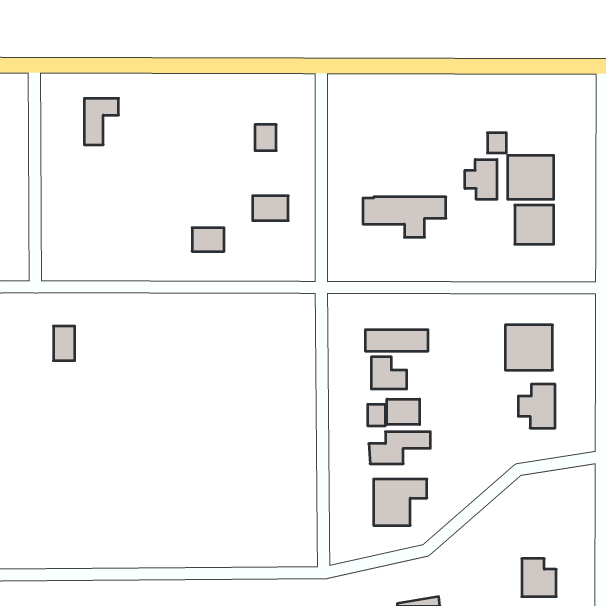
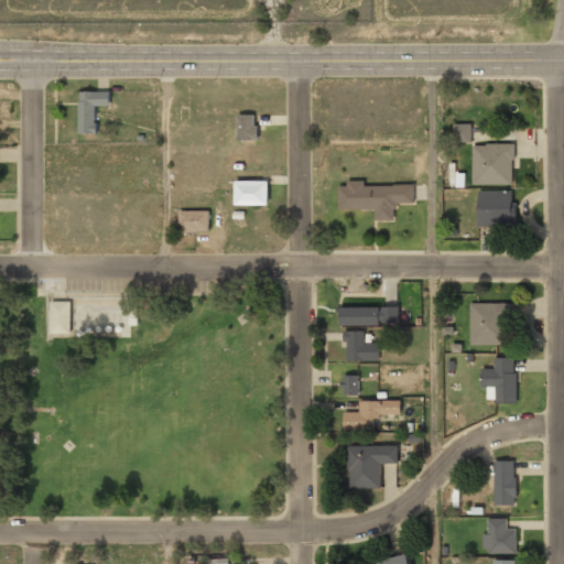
building: [465,159,497,199] -> none
building: [387,399,420,425] -> none
building: none -> [494,460,514,506]

